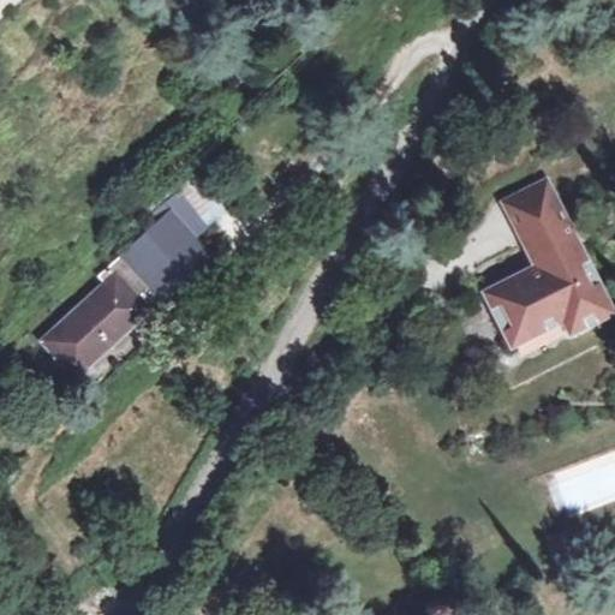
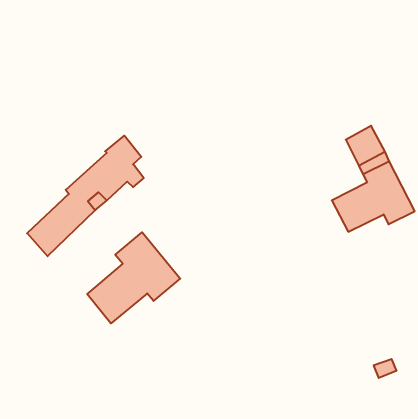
building: none -> [87,232,180,323]

